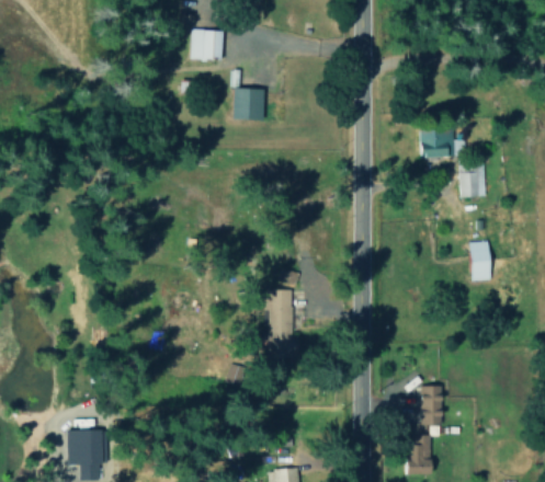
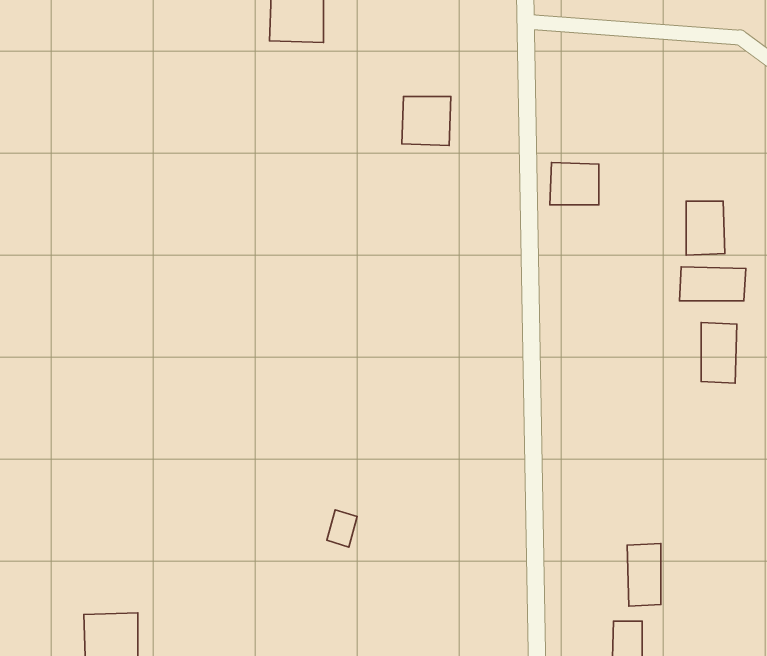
building: [232,88,264,119] -> [402,97,451,146]
building: [420,129,452,157] -> [550,162,599,205]
building: none -> [679,267,746,301]
building: [269,289,293,353] -> none

